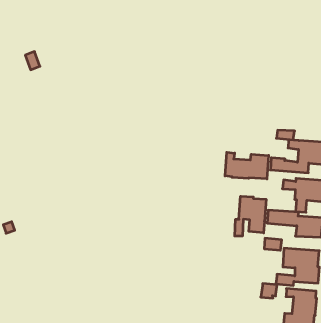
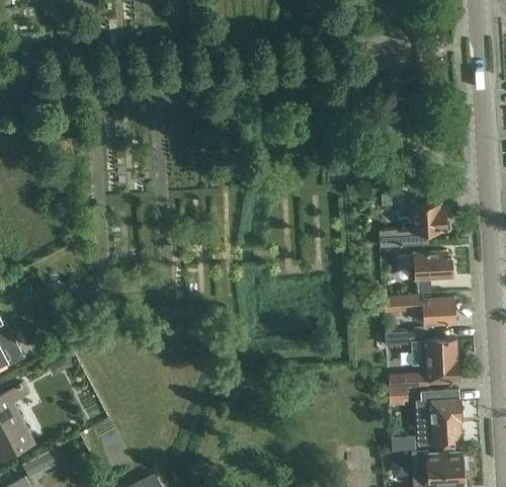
building: [225,152,269,179] -> none
building: [235,196,266,236] -> none

